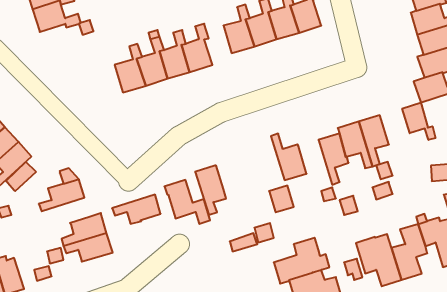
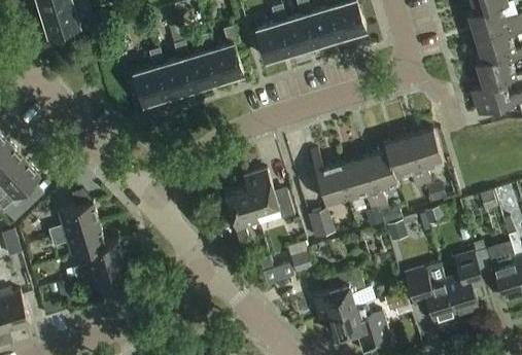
building: [402,102,435,140] -> none
building: none -> [340,158,378,211]
building: [164,180,210,224] -> [243,171,294,220]
building: [112,195,161,224] -> [50,223,105,256]

